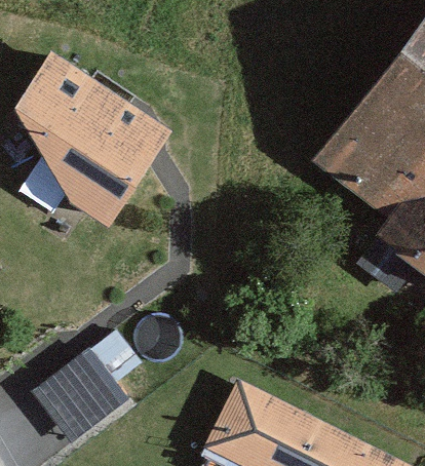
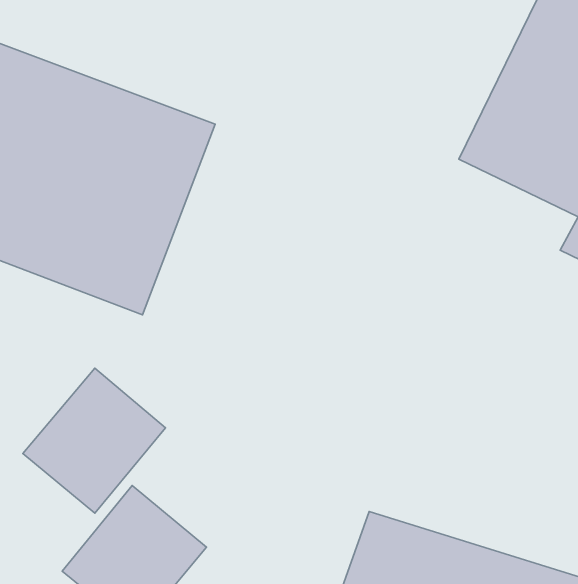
building: none -> [23,368,165,513]

